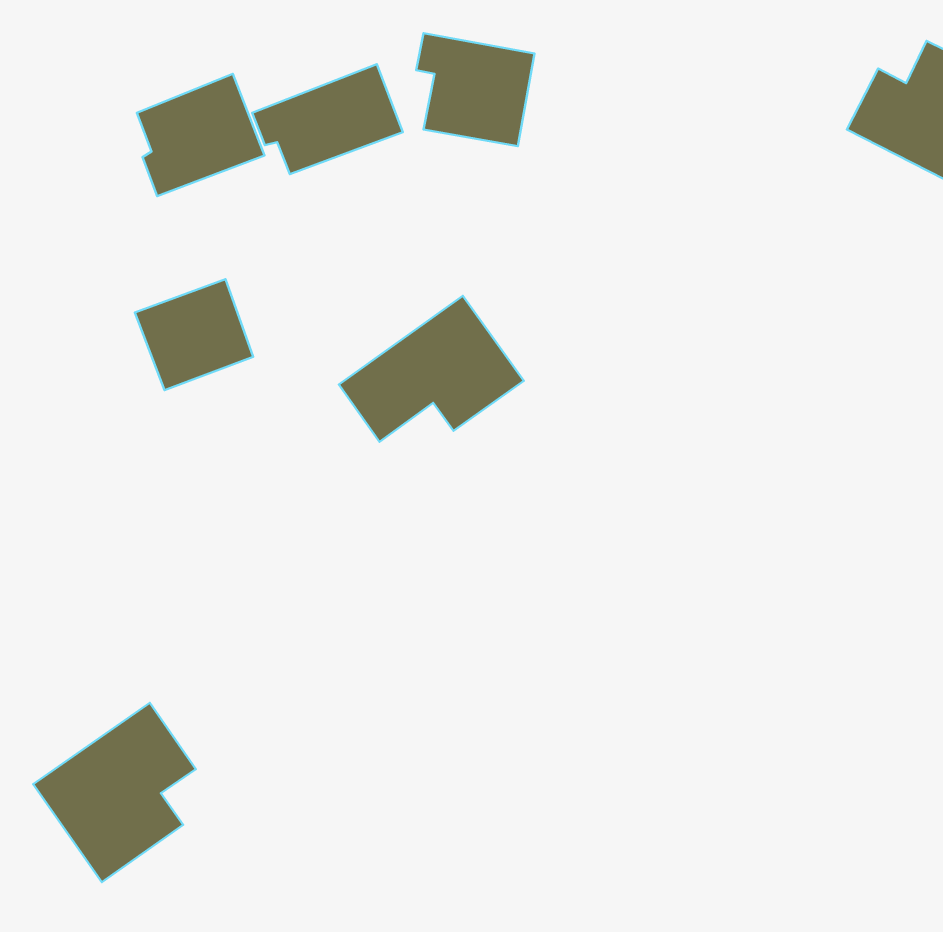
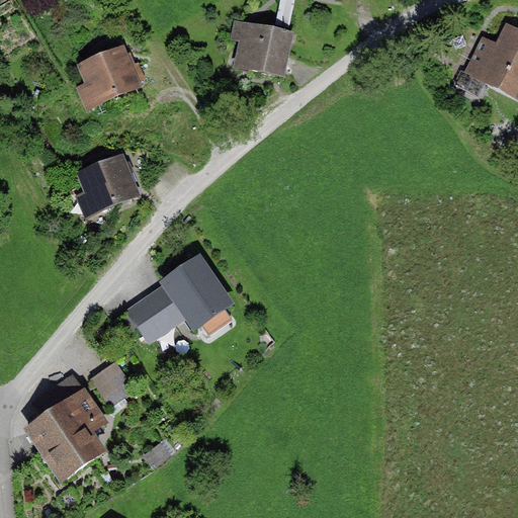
building: [252,64,403,174] -> none
building: [339,296,524,442] -> [131,258,232,338]
building: none -> [94,360,139,409]

